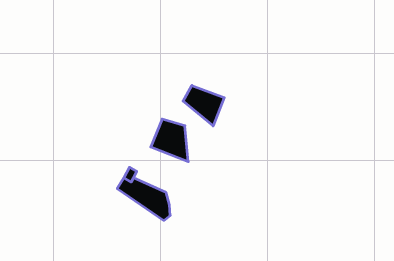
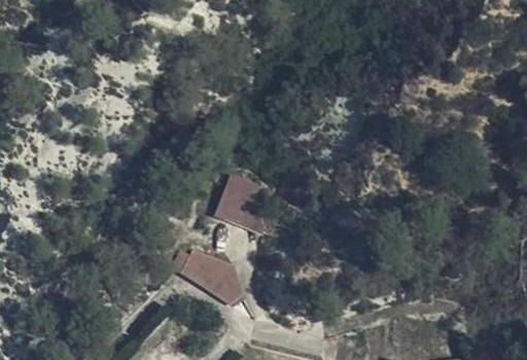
building: [183,85,224,126] -> none

